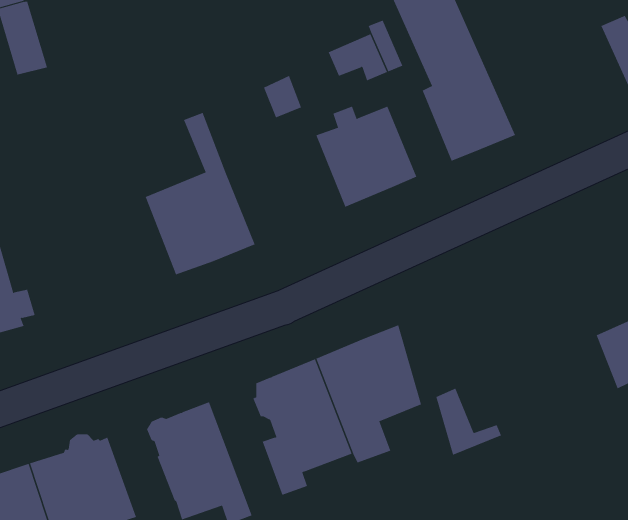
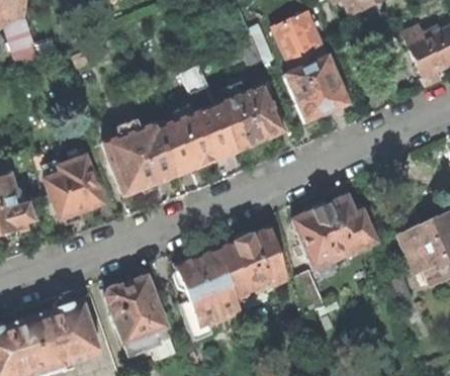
building: none -> [158,103,236,175]
building: none -> [43,158,104,224]
building: none -> [294,197,375,269]

